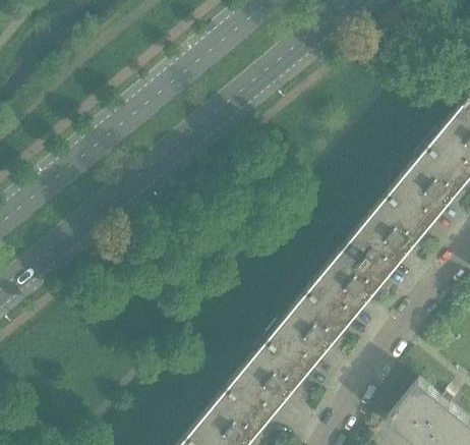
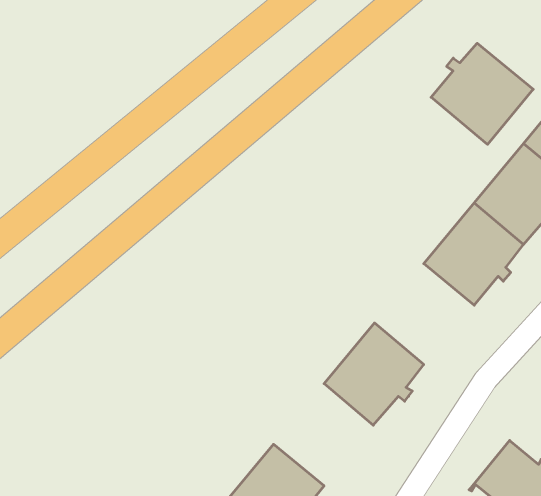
building: none -> [431,43,533,144]
building: [307,244,388,326] -> none
building: [226,341,306,424] -> none

